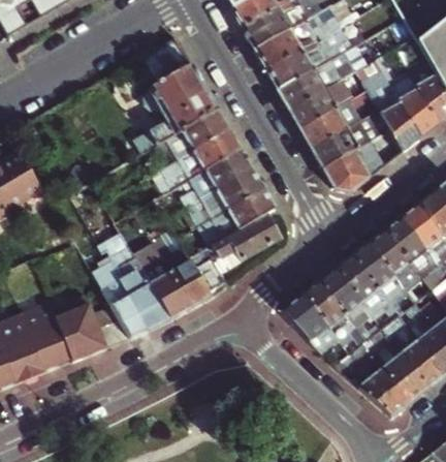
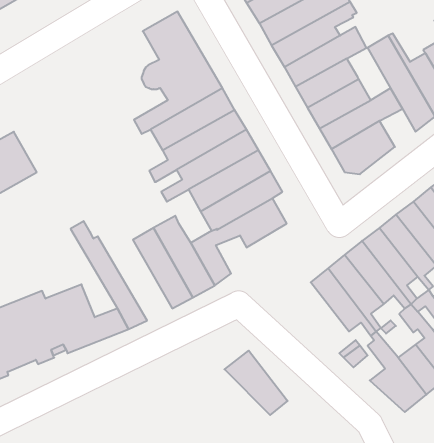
building: [98,233,171,331] -> none
building: [280,295,340,356] -> [224,351,288,415]

